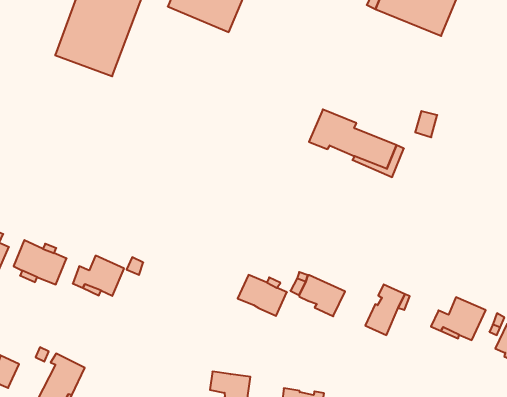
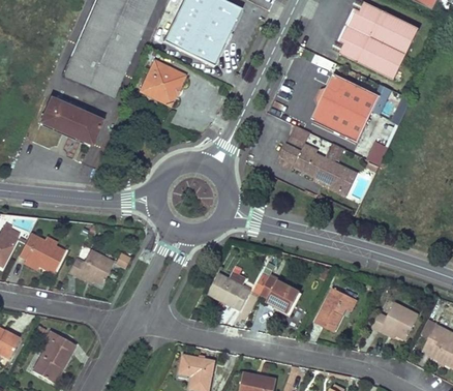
building: none -> [140,61,184,106]
building: none -> [312,74,380,142]
building: none -> [41,97,105,146]

